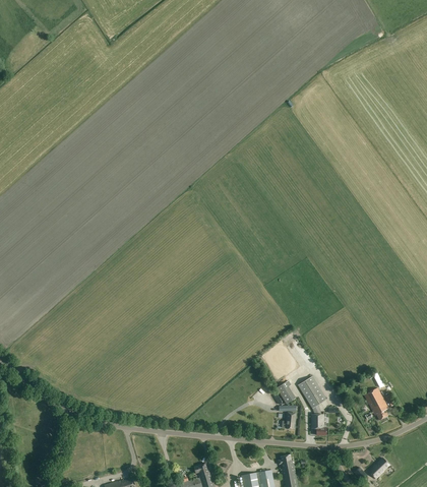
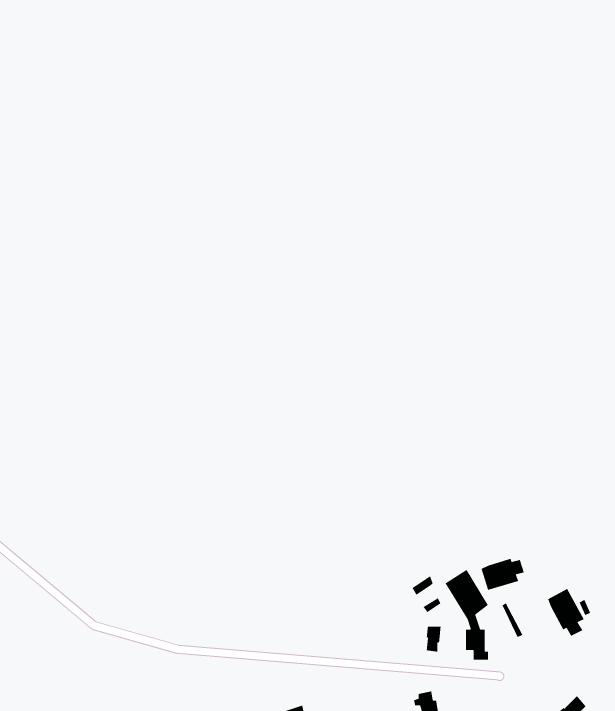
building: none -> [481,558,525,591]

